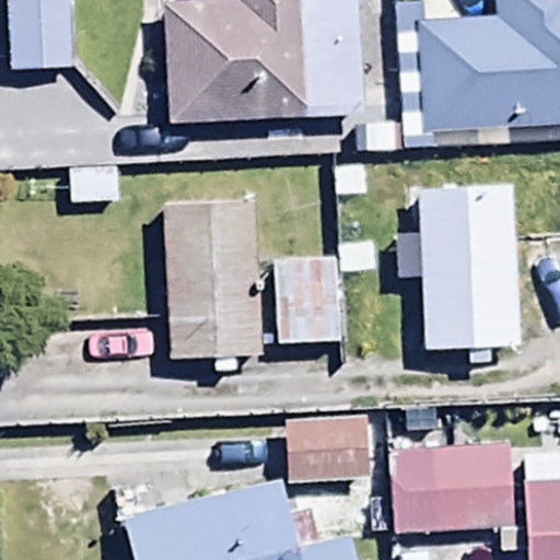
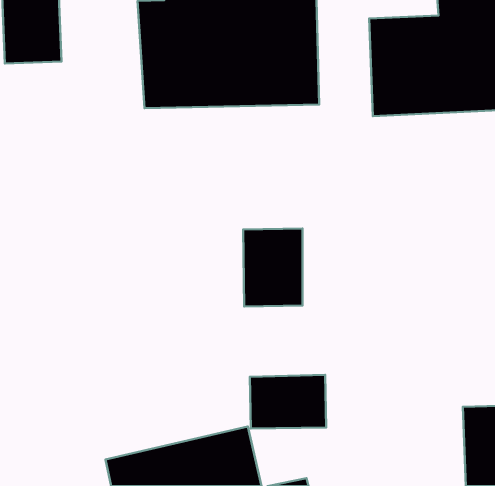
building: [396,185,535,349] -> none
building: [163,201,264,361] -> none
building: [392,447,512,528] -> none

